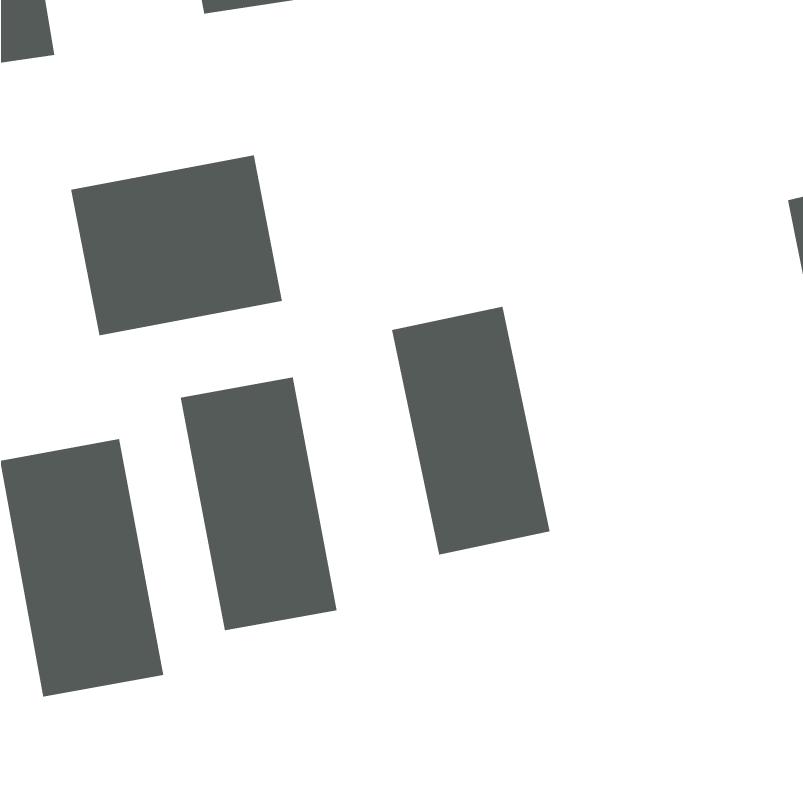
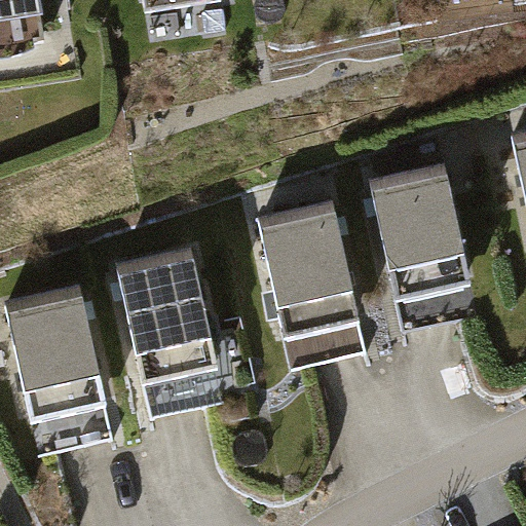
building: [71,155,283,336] -> none
building: none -> [376,159,478,325]

